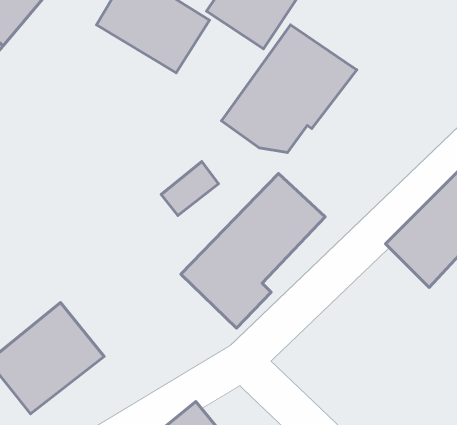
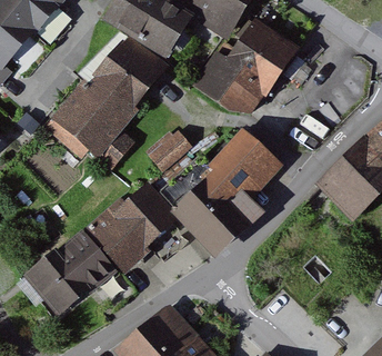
building: none -> [49,46,159,162]
building: none -> [78,187,168,273]

